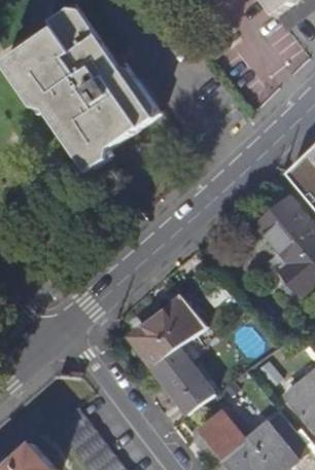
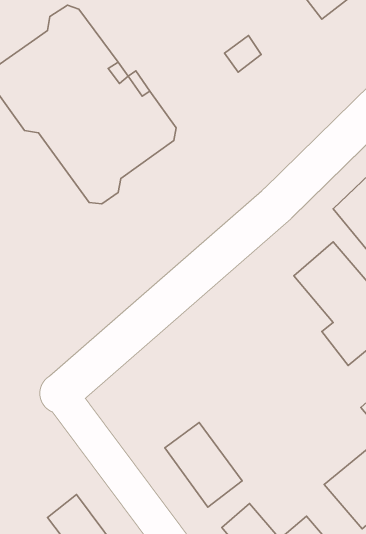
building: [134,298,203,366] -> none

